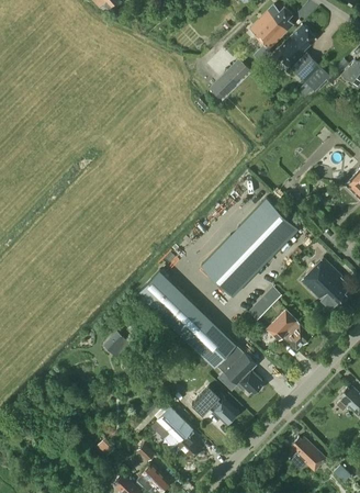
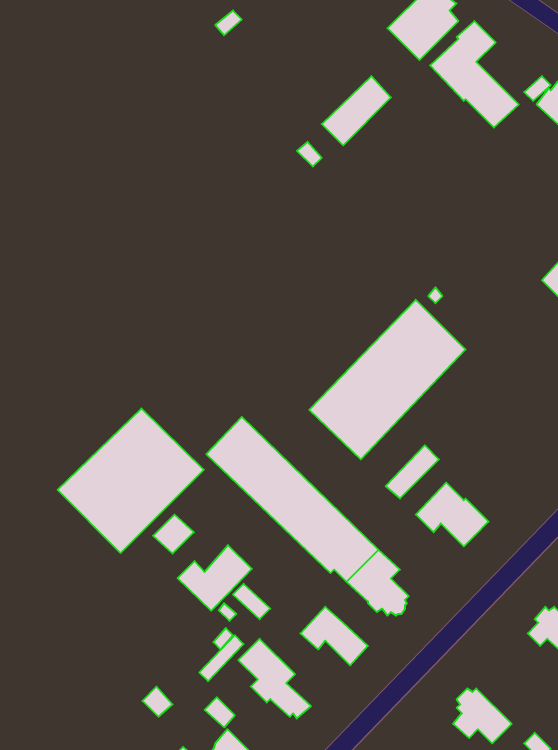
building: [301,258,350,309] -> none
building: none -> [58,408,204,553]
building: none -> [178,545,252,611]

